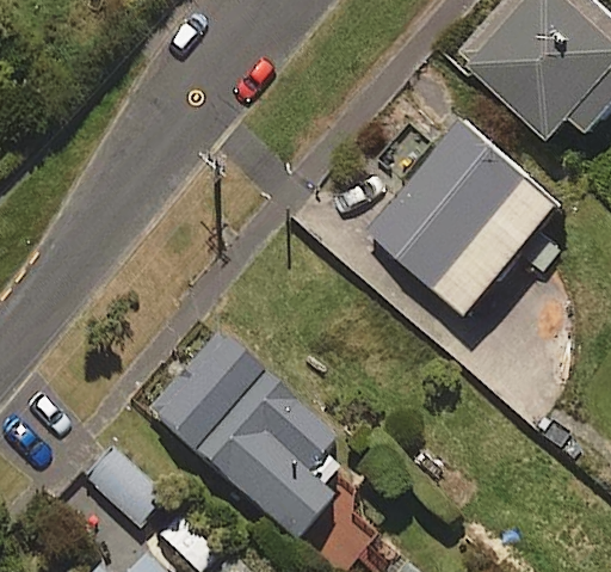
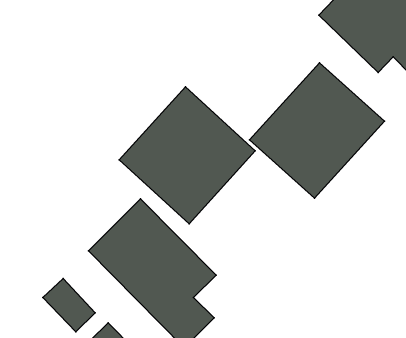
building: none -> [119,87,255,224]

